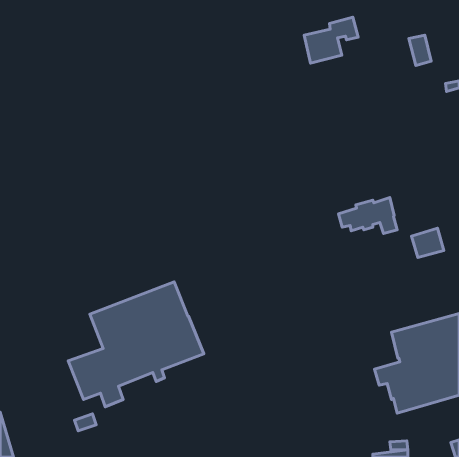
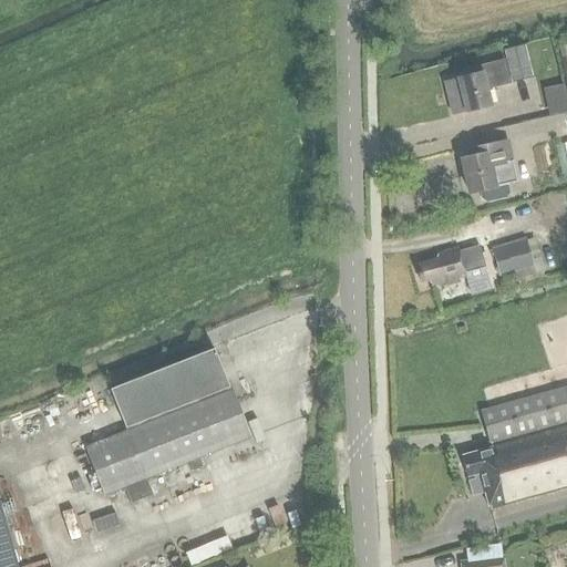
building: [304,17,358,63] -> [444,58,511,114]
building: none -> [461,140,517,199]
building: [412,228,444,258] -> [494,238,534,275]

